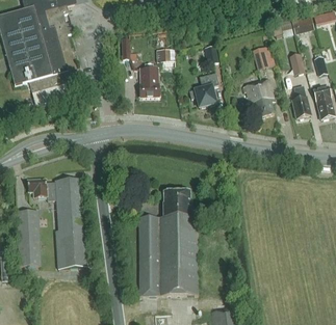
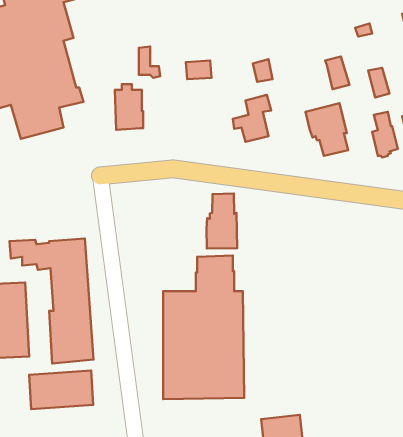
building: [138,63,159,97] -> [115,84,143,130]
building: none -> [207,193,237,249]
building: none -> [29,370,93,409]

